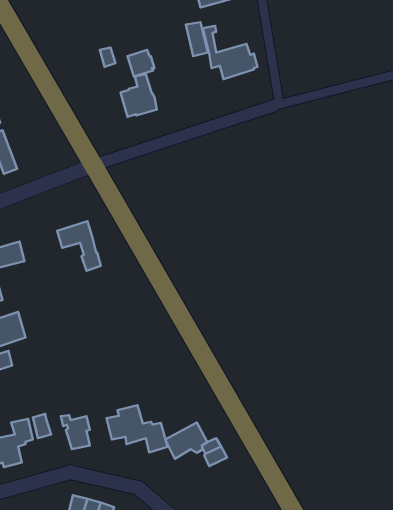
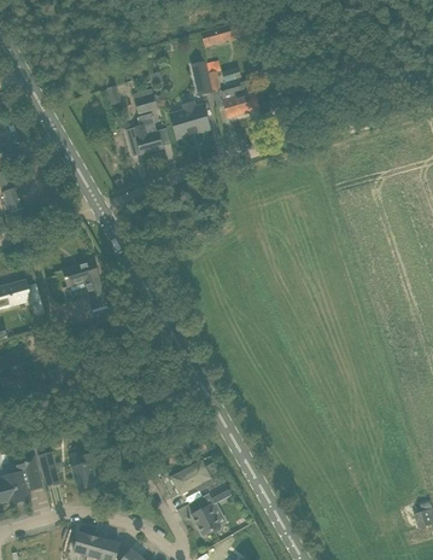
building: none -> [169,103,210,140]
building: [107,405,167,453] -> none
building: none -> [191,506,221,537]

